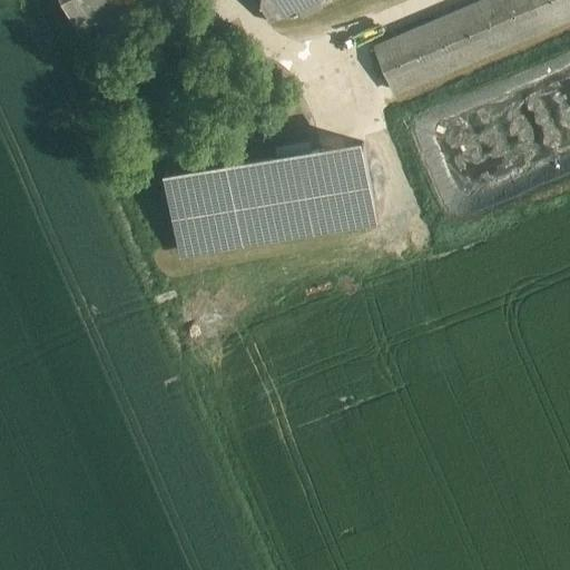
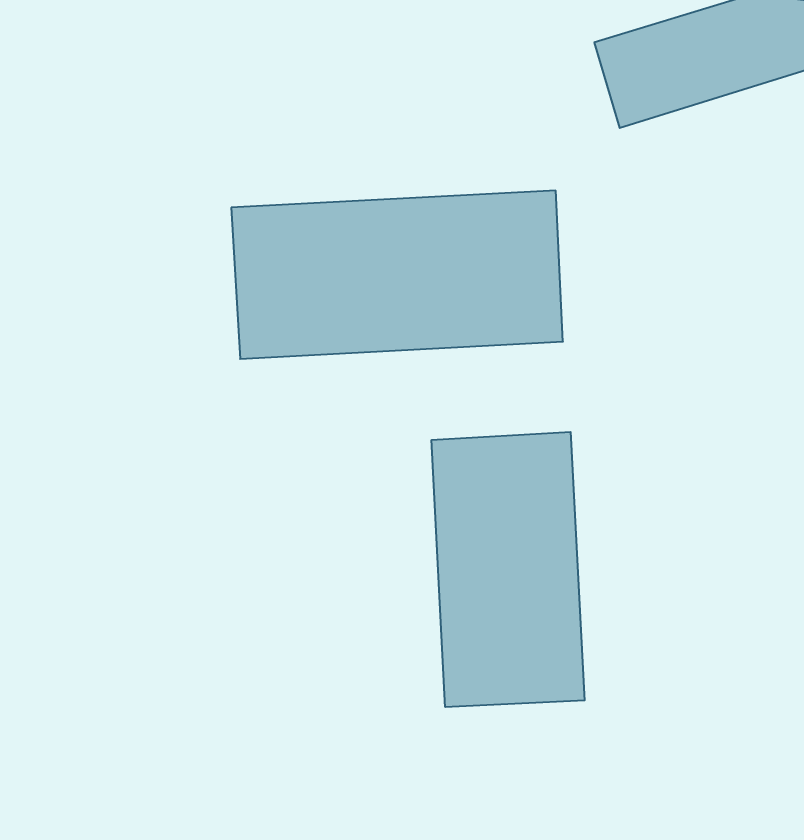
building: none -> [432,432,585,707]

